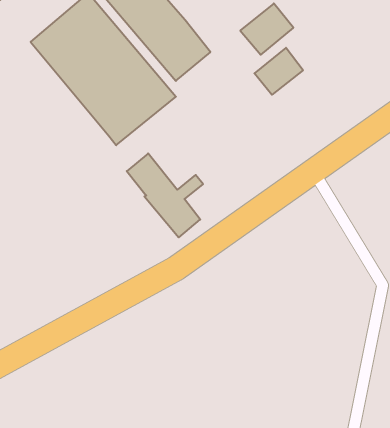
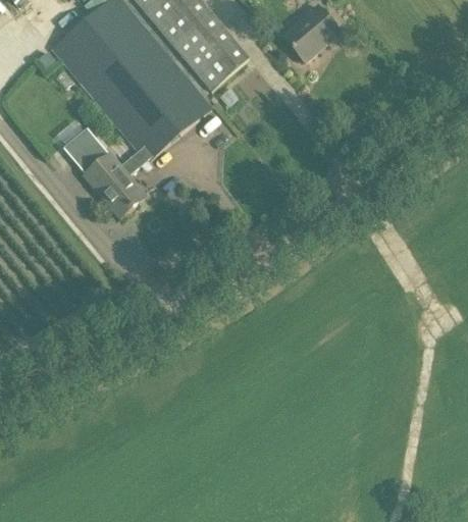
building: [254,48,303,95] -> none
building: [127,153,203,237] -> [63,126,147,218]

